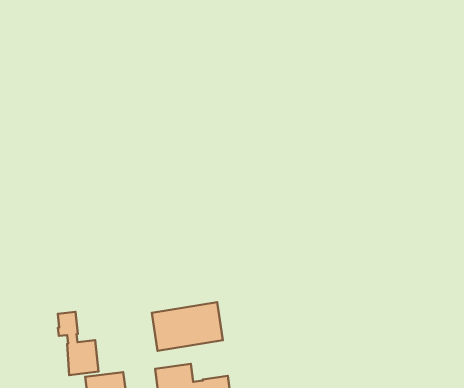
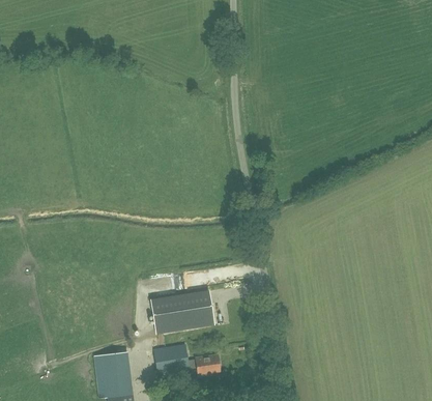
building: [58,312,99,375] -> none

